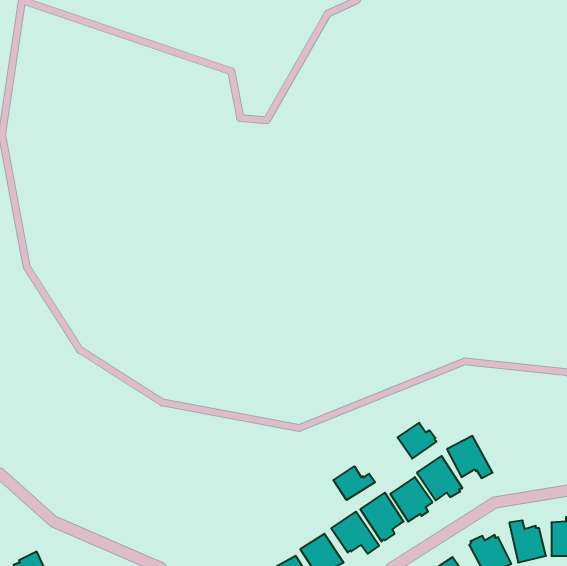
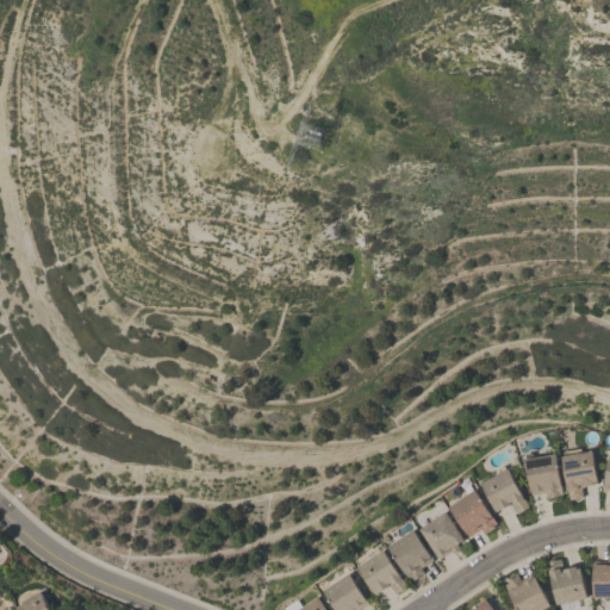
building: none -> [560,449,597,500]
building: none -> [524,454,561,499]
building: [398,423,436,459] -> none
building: [333,466,375,500] -> none

